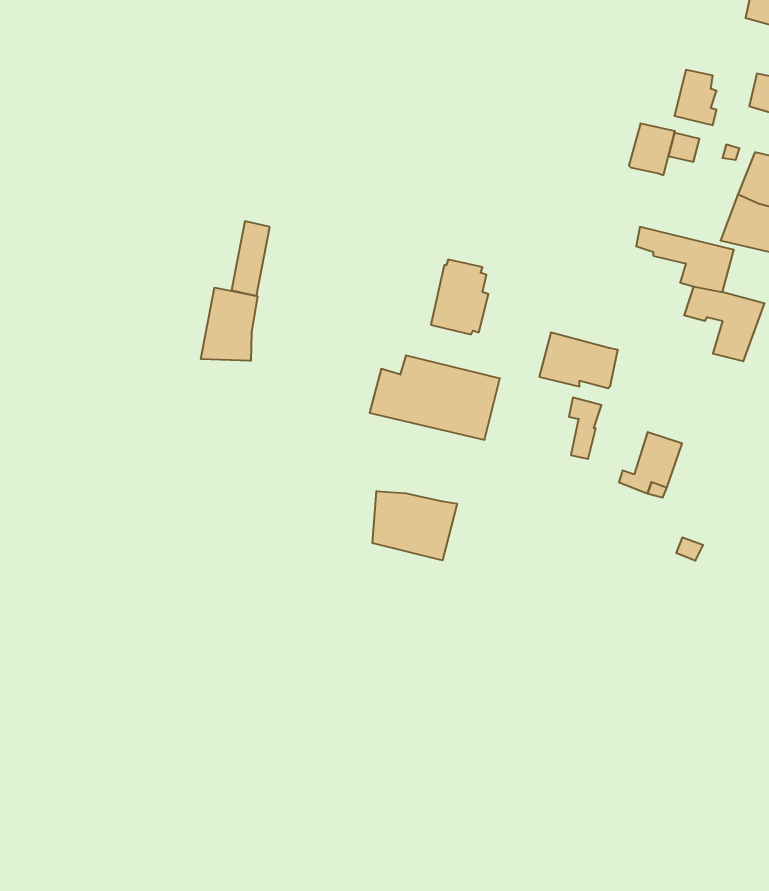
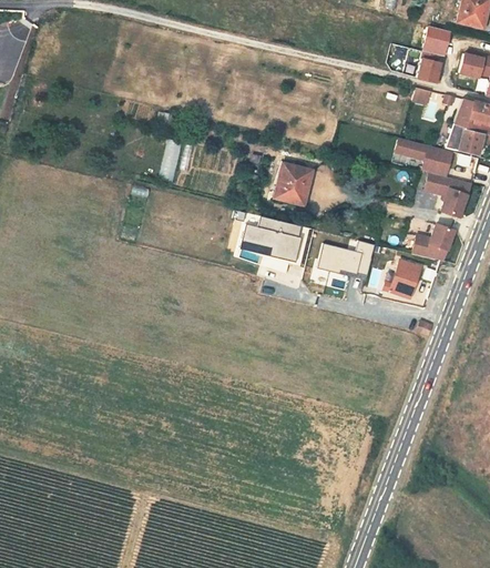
building: [629,123,675,175] -> [422,24,449,54]
building: [201,288,258,361] -> none
building: [539,333,618,388] -> [316,242,361,274]
building: none -> [412,223,453,260]
building: [373,491,457,560] -> none

